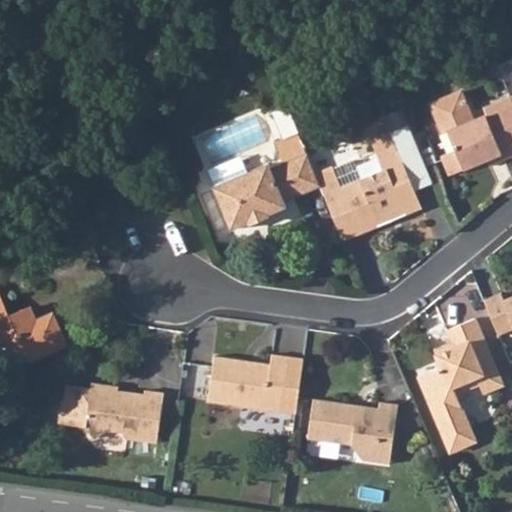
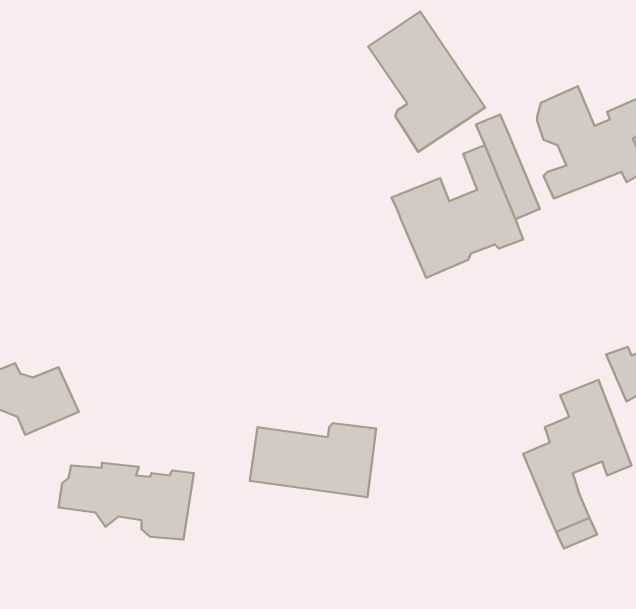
building: none -> [368,11,485,152]
building: [208,131,320,233] -> none
building: [302,402,397,469] -> none

